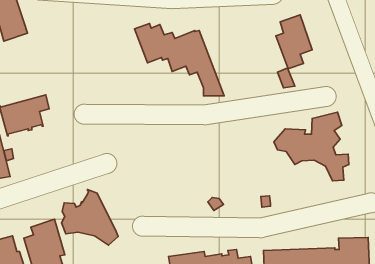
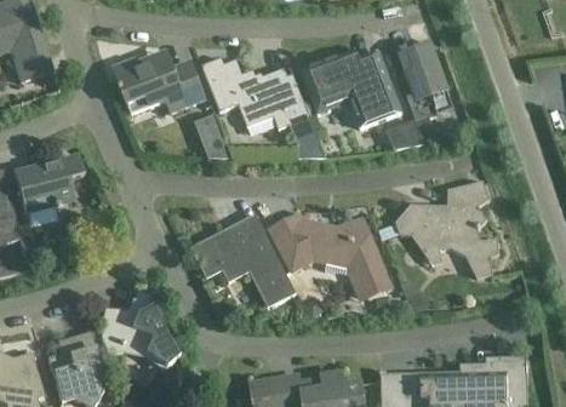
building: none -> [299,50,400,128]
building: none -> [113,59,204,113]
building: none -> [193,114,231,159]
building: none -> [268,212,390,299]
building: none -> [194,213,295,305]

